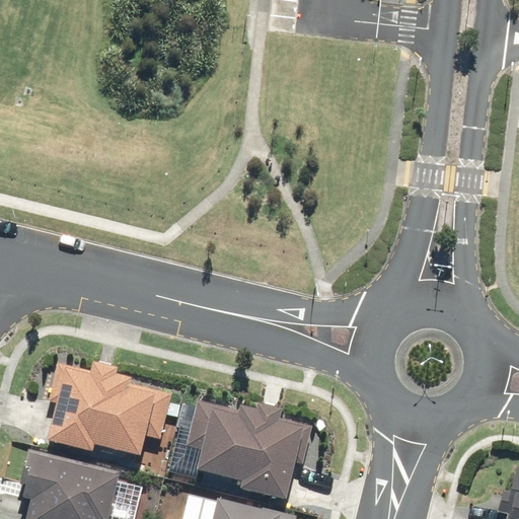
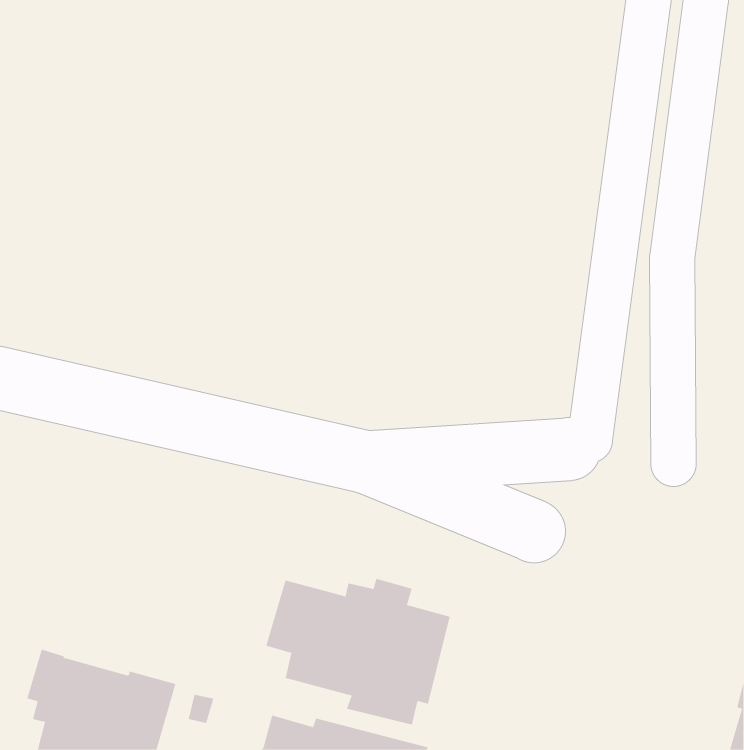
building: [47,360,180,456] -> none

